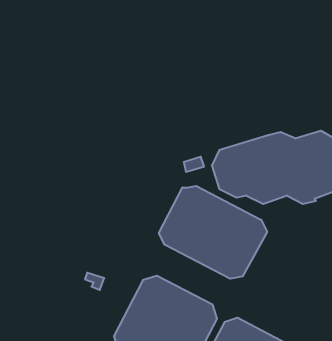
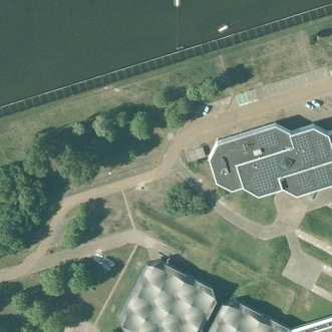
building: [159,186,267,279] -> none

